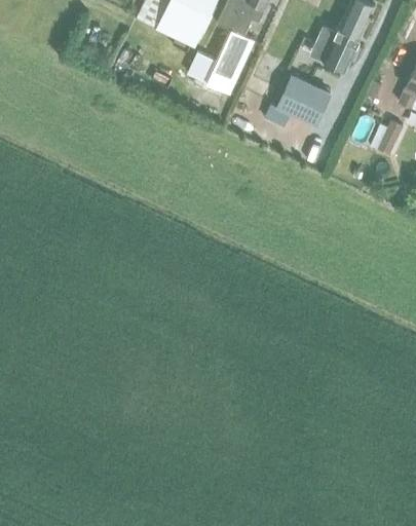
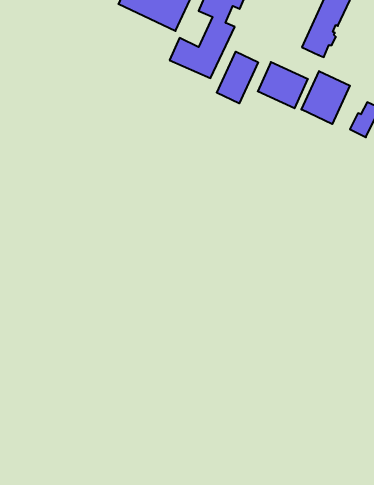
building: none -> [217,52,258,103]
building: none -> [301,71,350,124]

